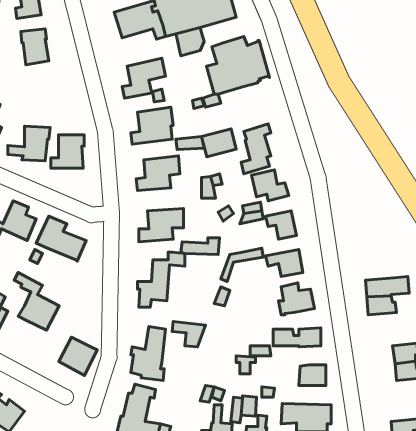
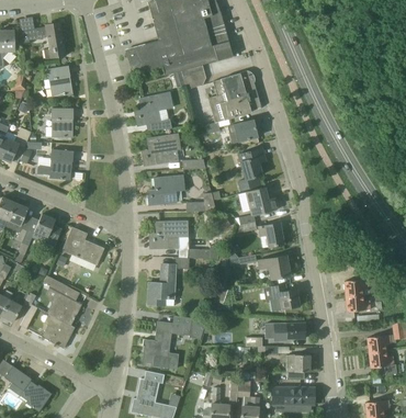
building: [202,129,236,157] -> [228,120,258,144]
building: [51,135,84,168] -> [45,109,74,137]
building: [59,337,97,376] -> [42,316,75,349]

